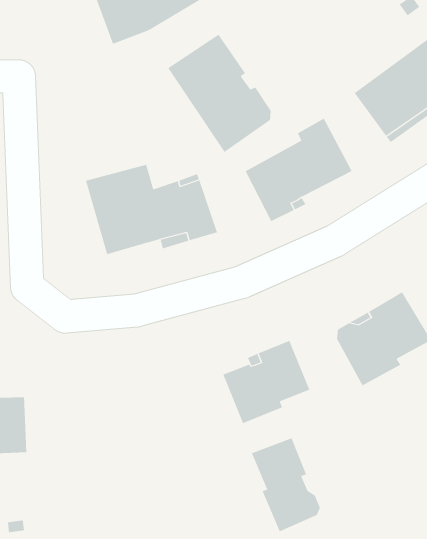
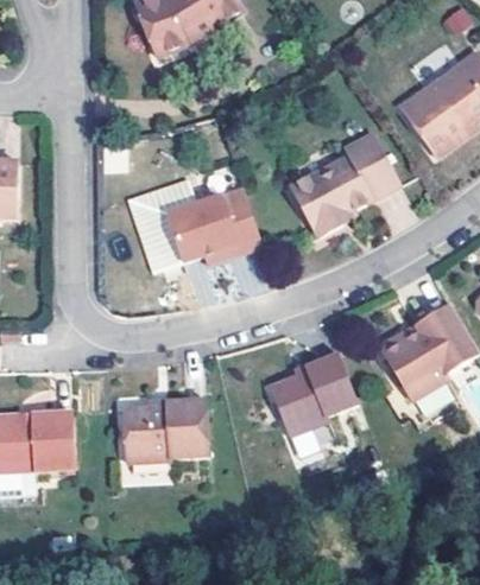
building: [167,34,271,153] -> none
building: none -> [122,400,206,462]
building: [251,438,320,532] -> none

